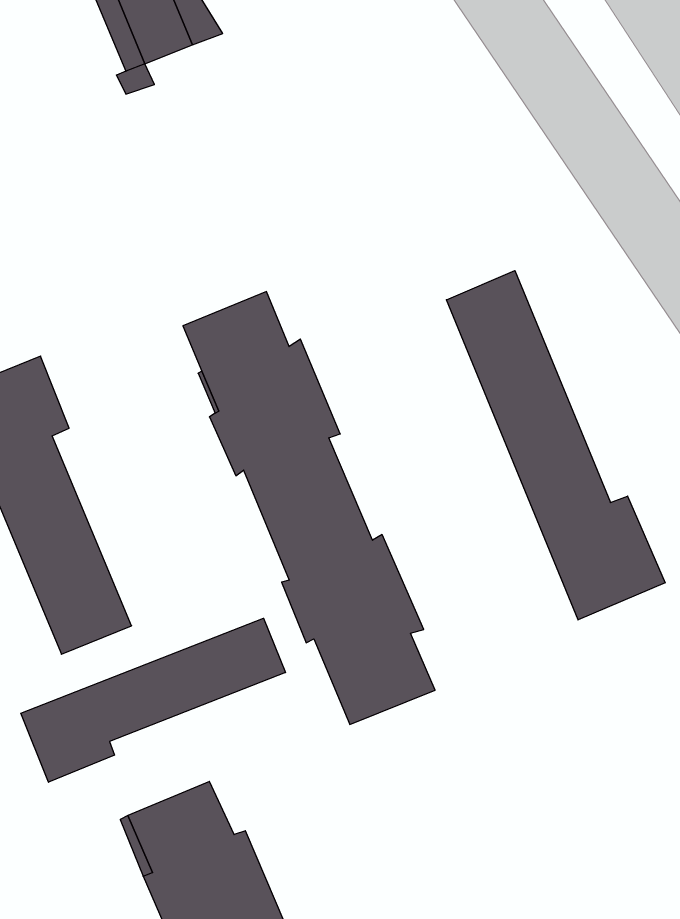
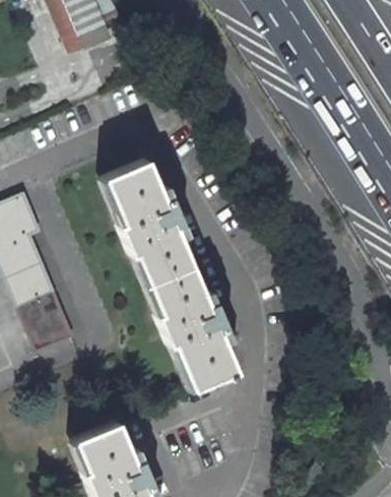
building: [446,271,665,620] -> none
building: [21,618,285,782] -> none

